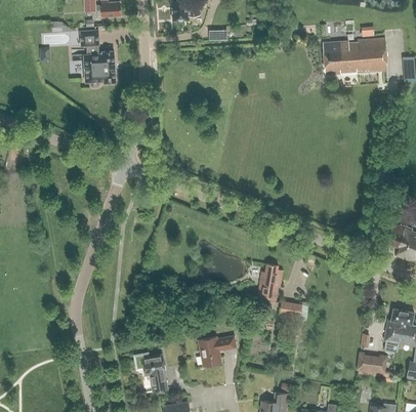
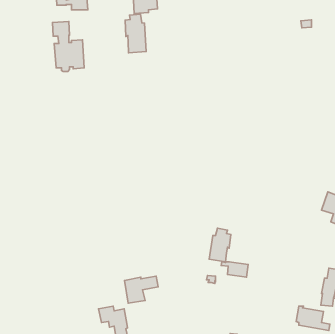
building: none -> [125,14,146,53]
building: [322,38,387,75] -> none
building: [198,335,236,366] -> [124,276,158,303]

